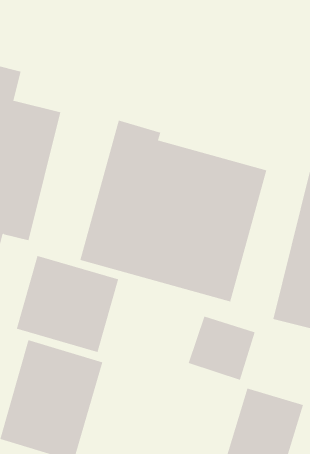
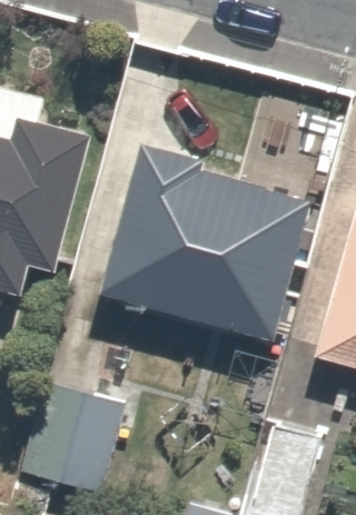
building: [16,255,119,353] -> none

